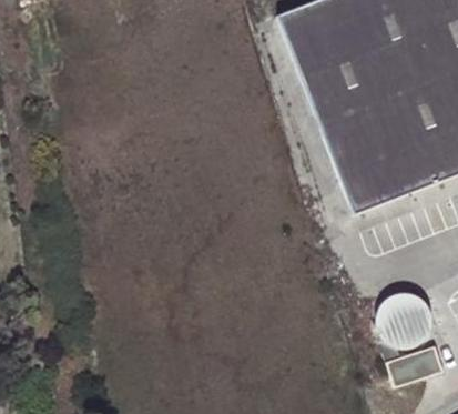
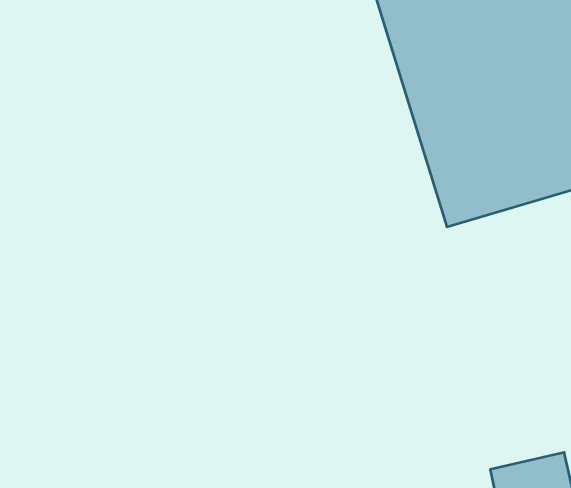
building: [380,305,432,357] -> none

